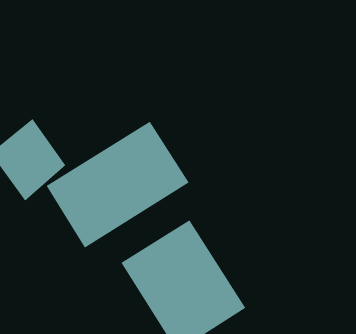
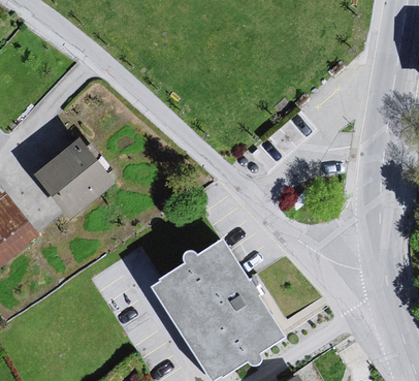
building: [46,121,189,248] -> none

